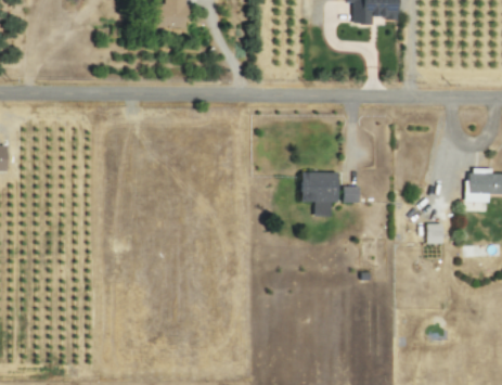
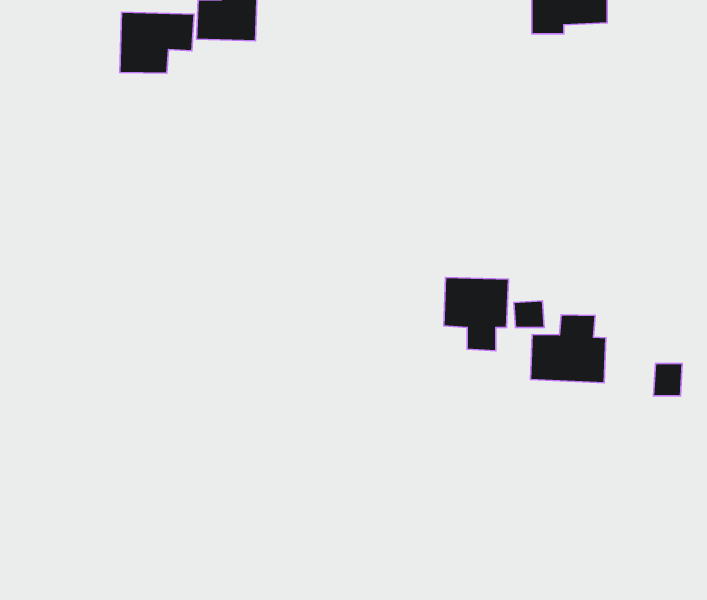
building: none -> [120,12,194,73]
building: none -> [530,315,606,383]

